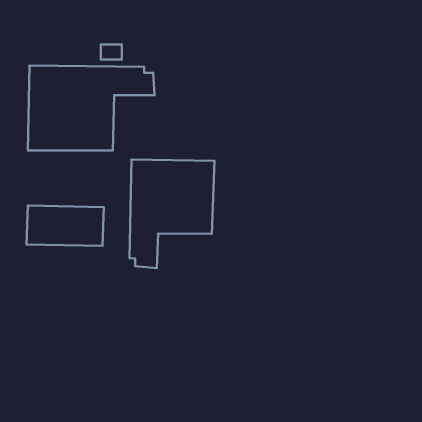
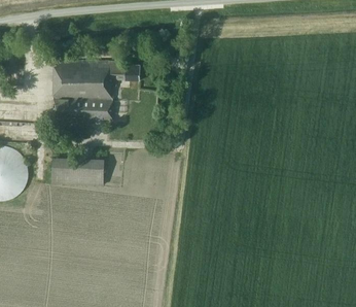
building: [129,160,214,268] -> none

